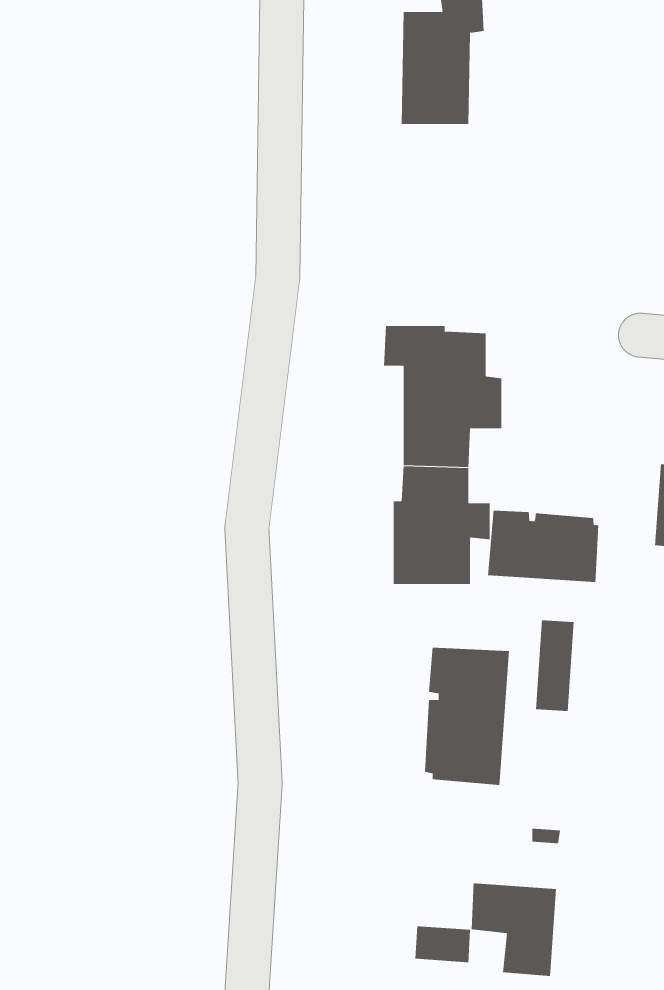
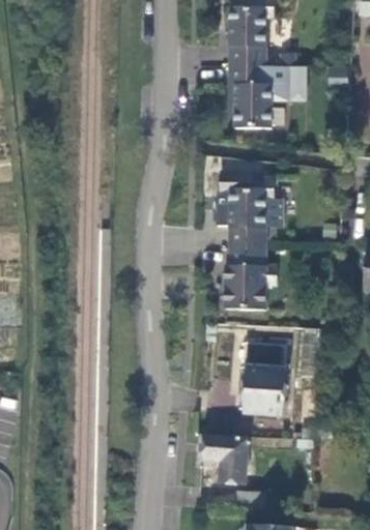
building: none -> [228,66,287,129]
building: [487,510,599,583] -> none
building: [471,883,557,976] -> [202,436,248,485]

